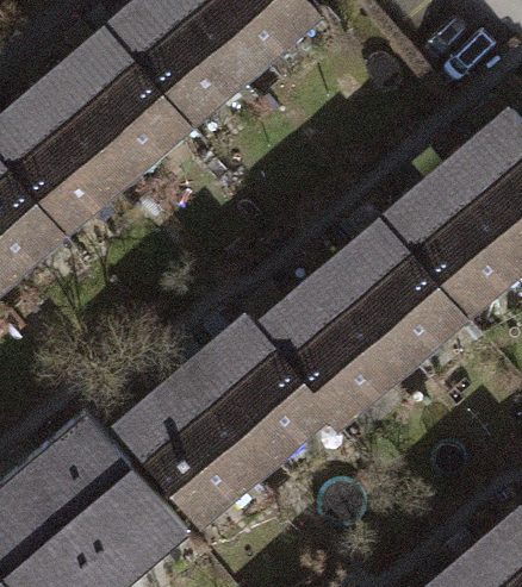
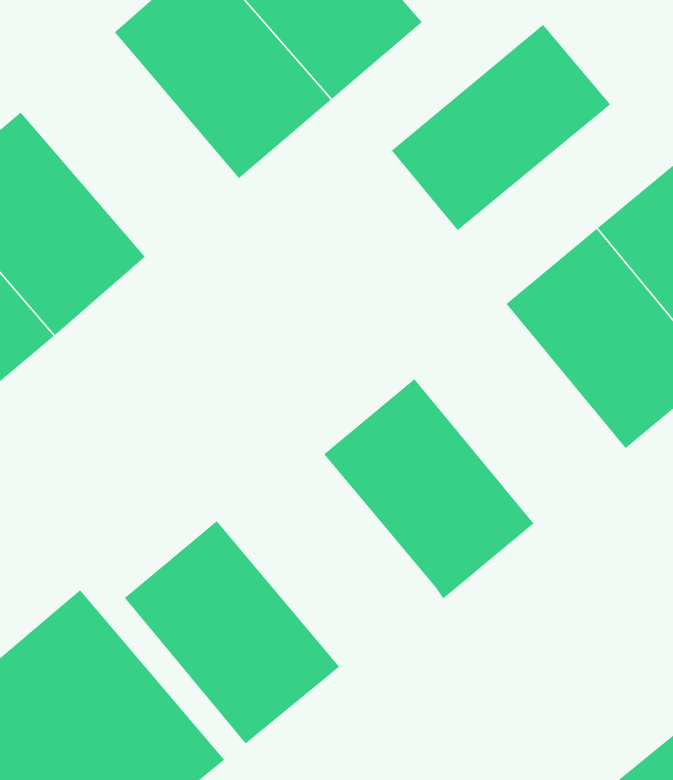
building: none -> [391,24,611,231]
building: [41,26,194,185] -> none
building: [318,218,467,373] -> none
building: [179,314,333,474] -> none

